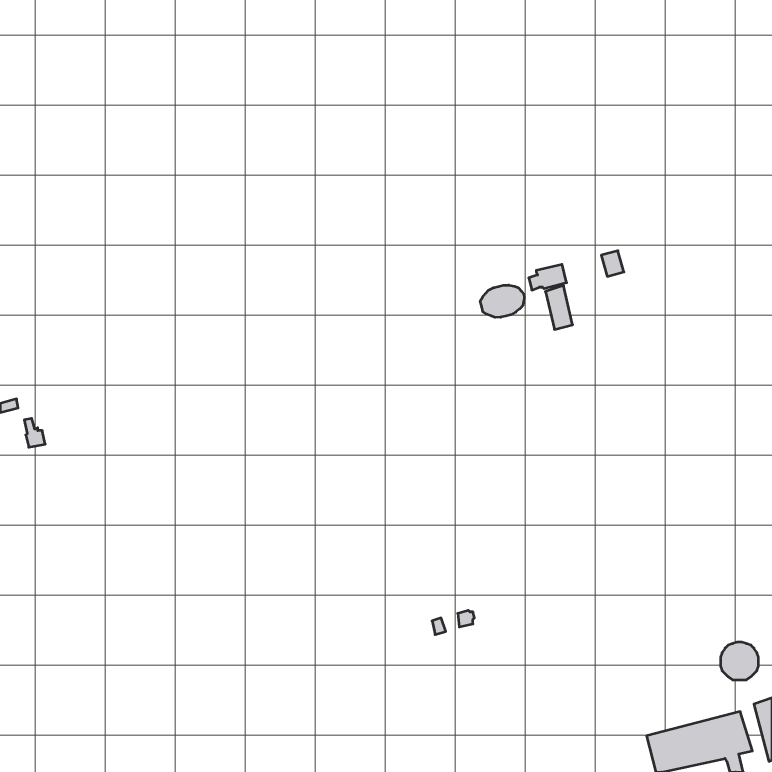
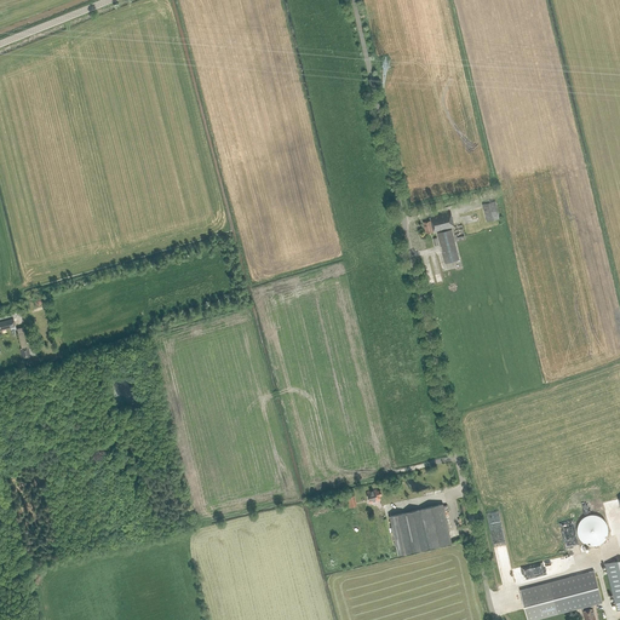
building: [480,285,524,317] -> none
building: none -> [389,504,452,555]

